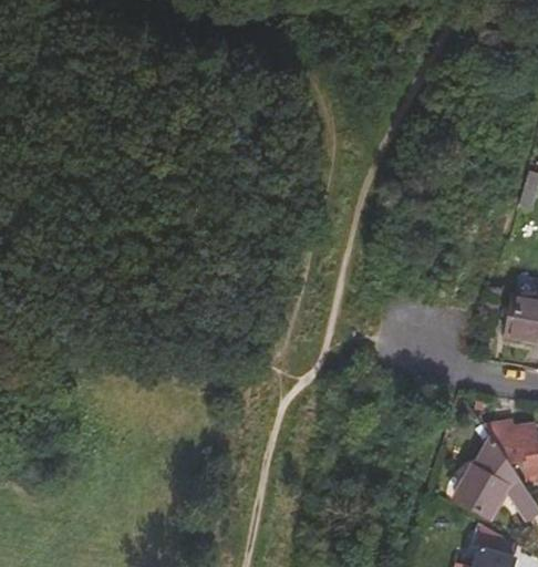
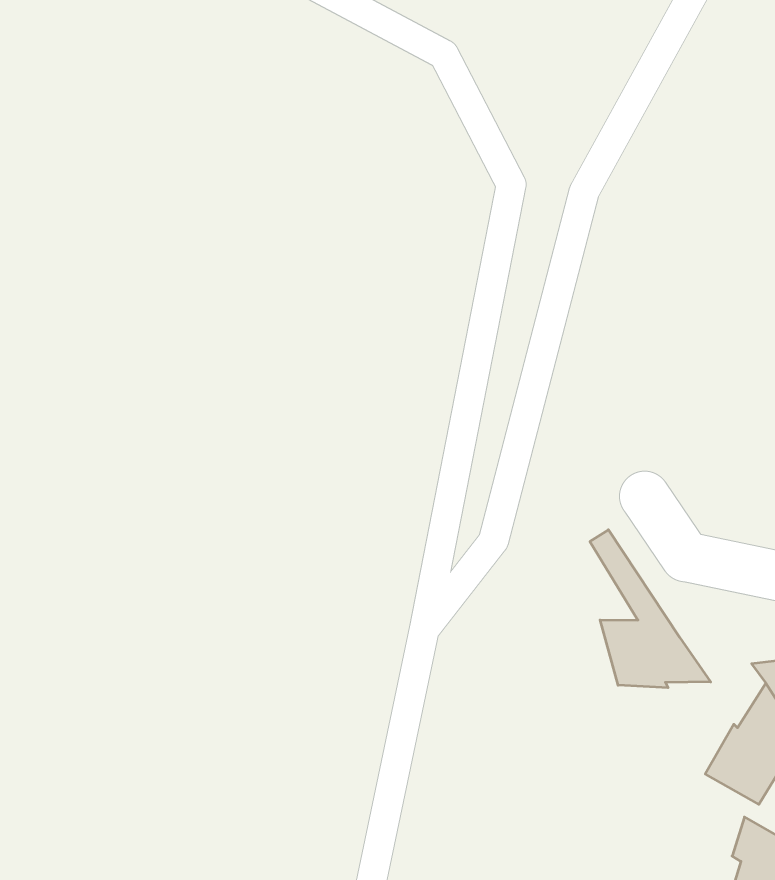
building: none -> [590,530,711,688]

